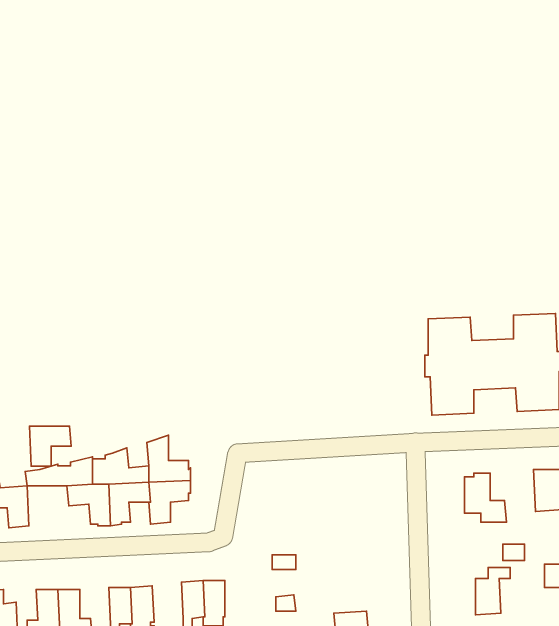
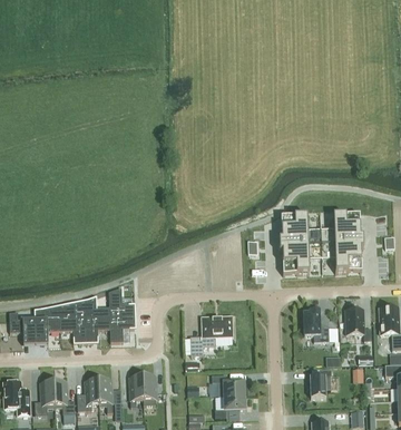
building: [29,426,71,466] -> [35,317,60,342]
building: none -> [188,315,232,354]
building: none -> [211,374,243,395]

